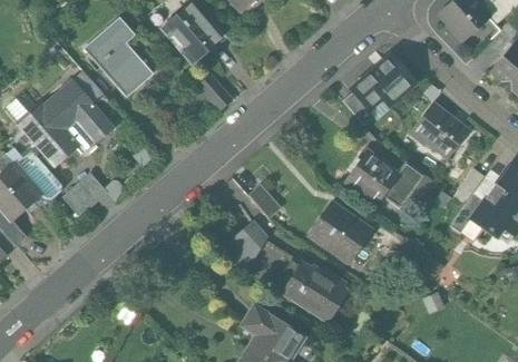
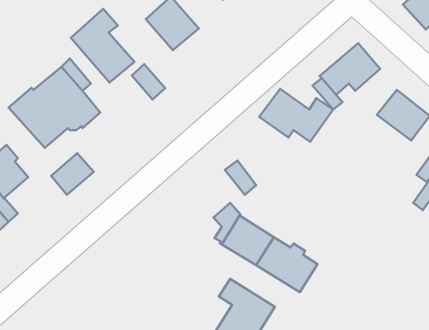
building: [196,74,232,111] -> [132,64,165,99]
building: [12,146,61,199] -> none
building: [345,153,424,209] -> [259,89,333,142]
building: [309,203,371,263] -> none

